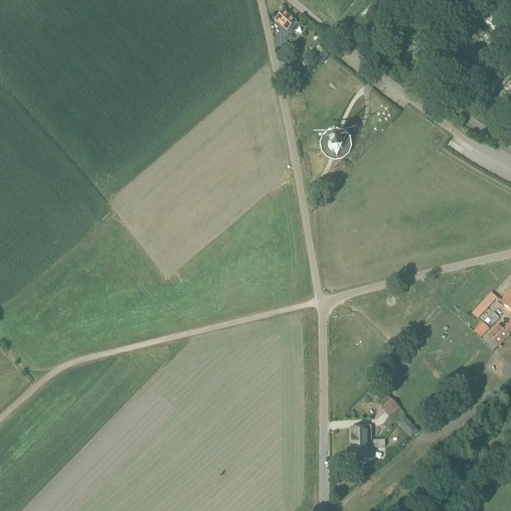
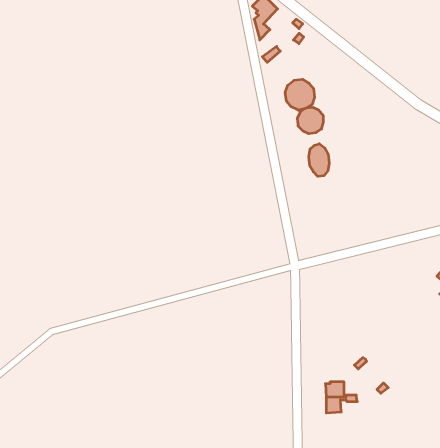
building: none -> [285,79,315,110]
building: none -> [309,144,329,176]

